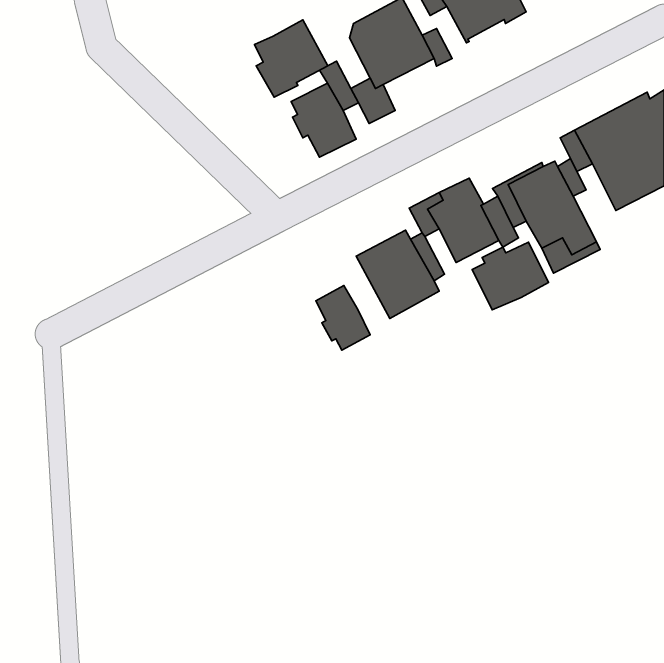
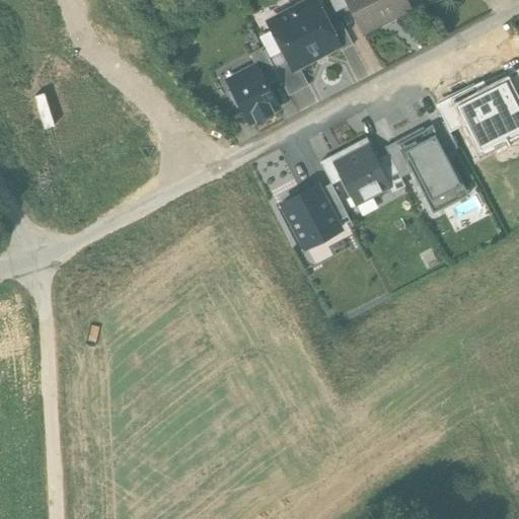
building: [255,20,328,97] -> none
building: [472,242,549,310] -> none
building: [316,286,370,350] -> none

